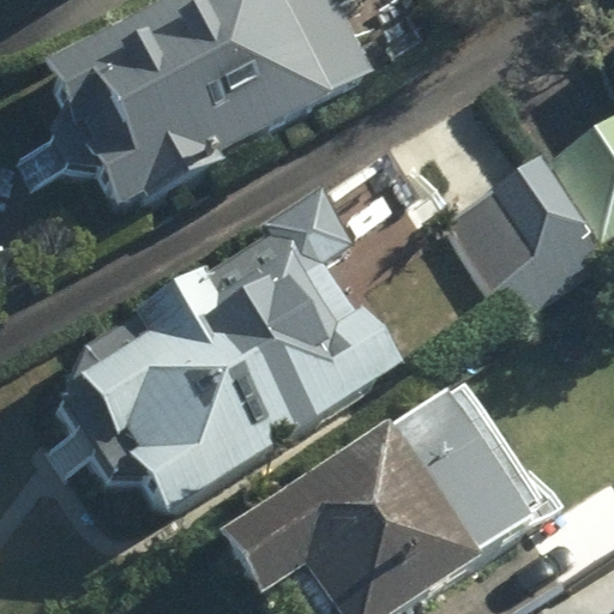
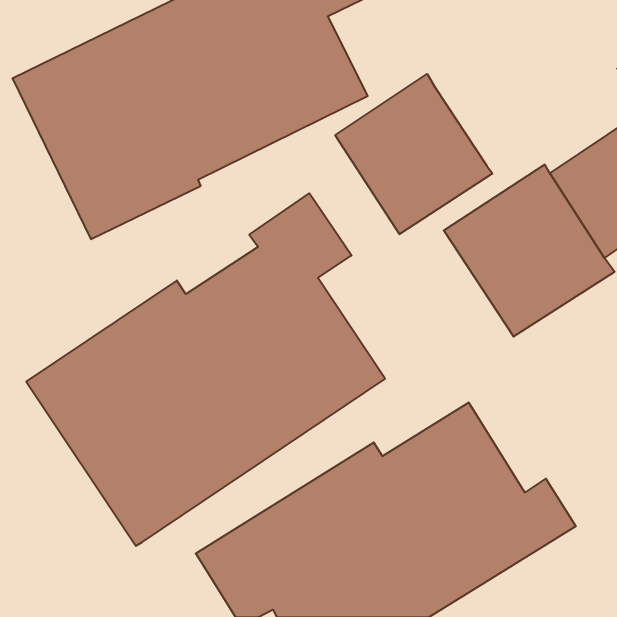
building: none -> [335,74,492,234]

